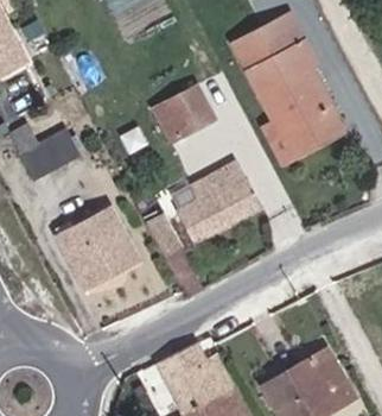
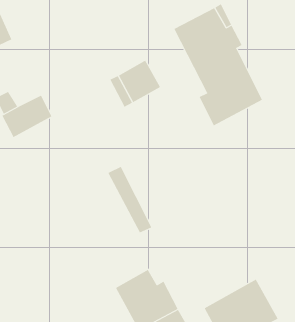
building: [176,159,260,241] -> none
building: [53,209,136,285] -> none

